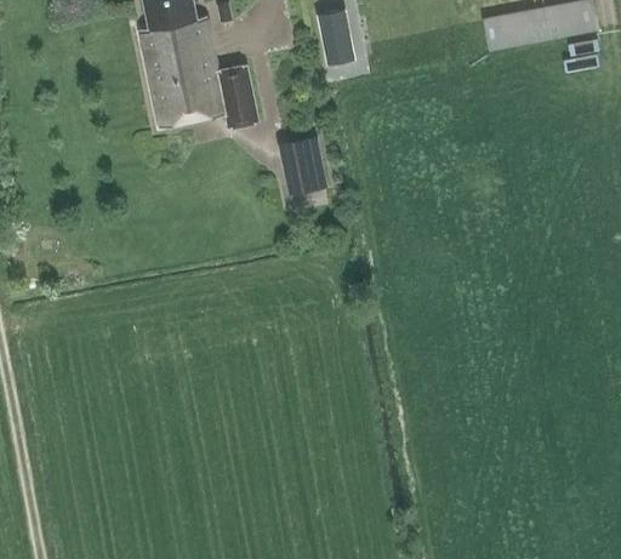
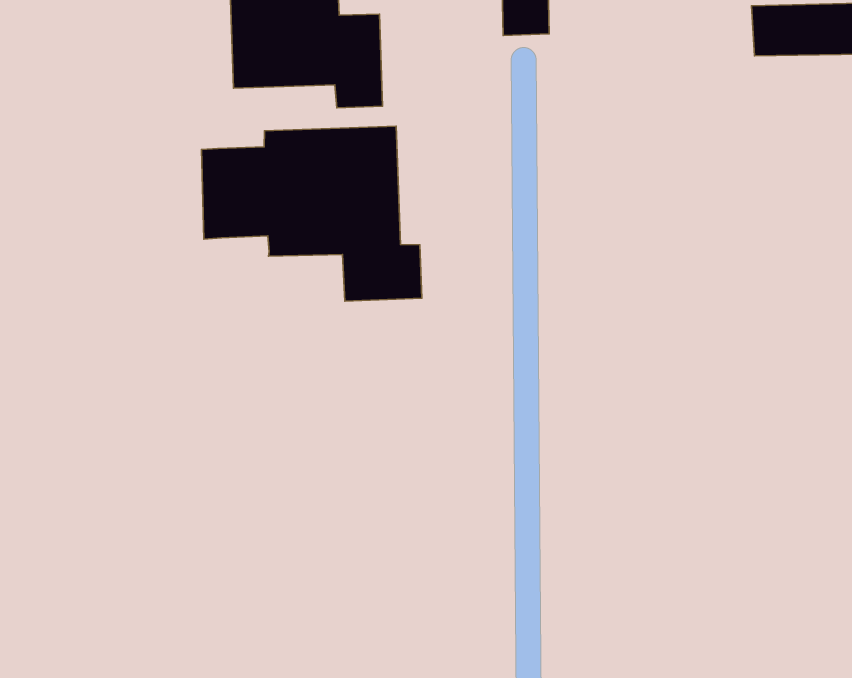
building: none -> [202,126,422,301]
building: [286,153,326,192] -> none

